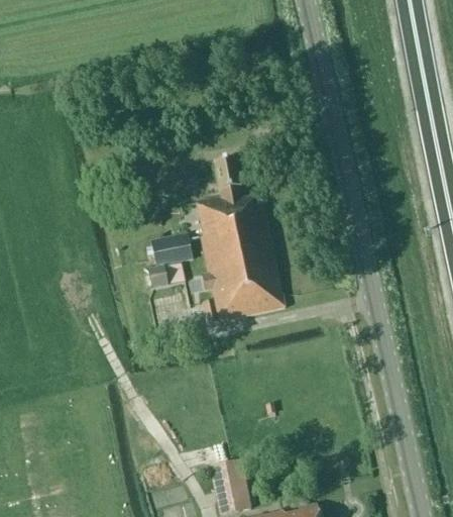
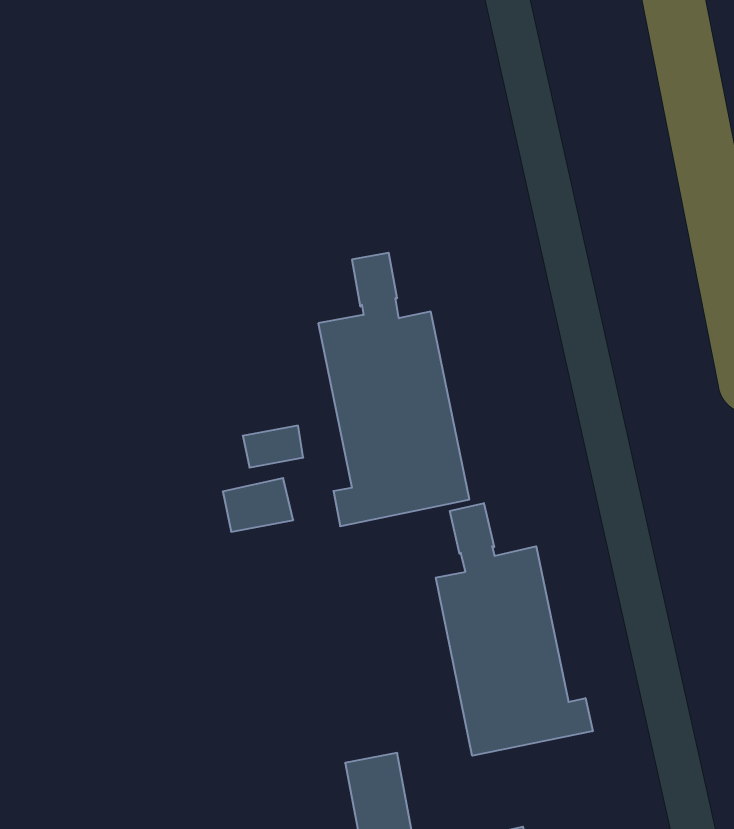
building: [151,233,194,266] -> [223,478,293,532]
building: none -> [436,503,593,756]

